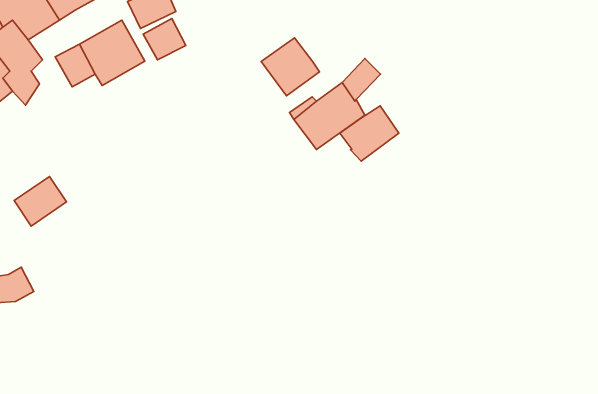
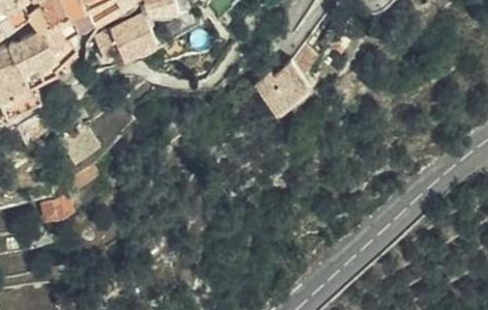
building: [261,38,320,96] -> none
building: [340,106,399,161] -> none

